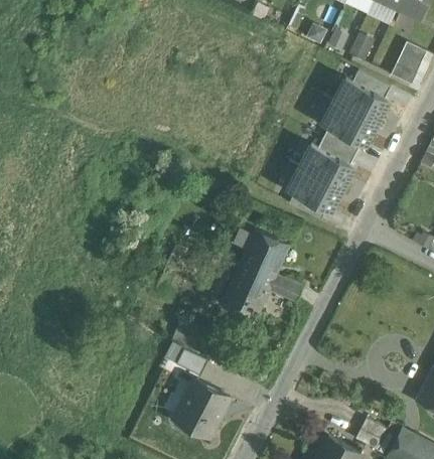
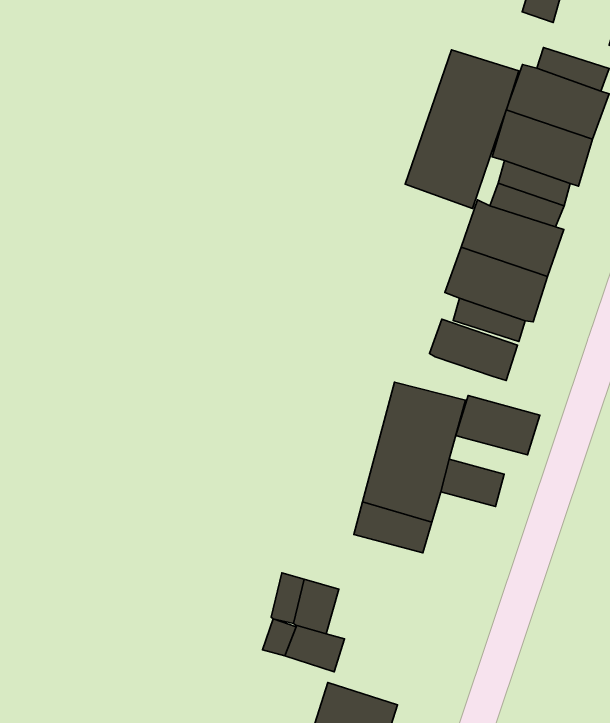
building: none -> [405,50,519,208]
building: none -> [429,319,518,380]
building: none -> [456,396,540,455]

